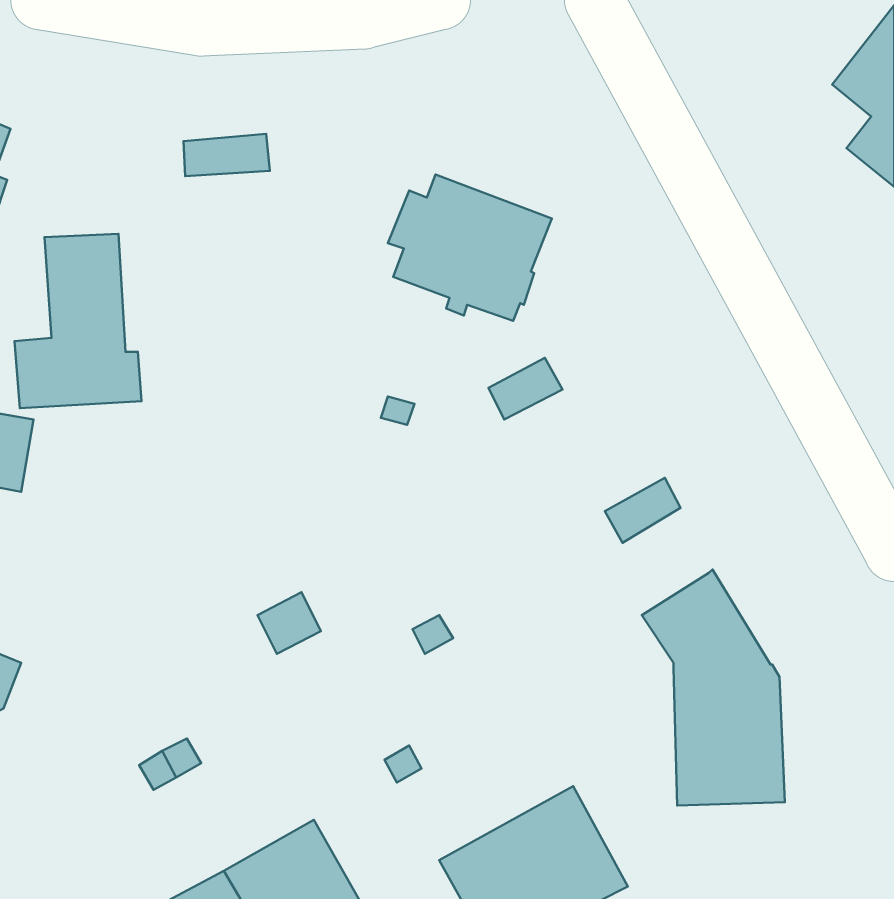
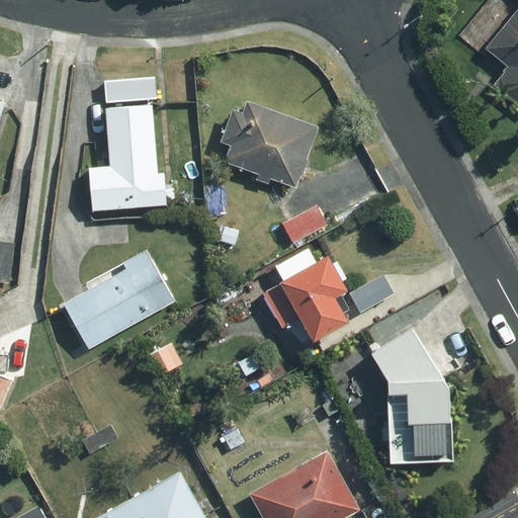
building: [14,234,141,408] -> [90,107,163,207]
building: none -> [65,254,171,348]
building: none -> [263,256,347,339]

